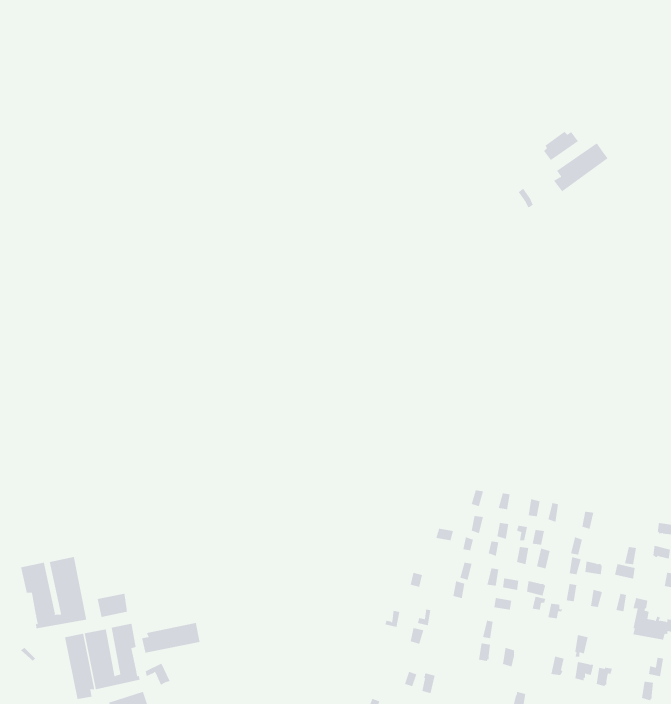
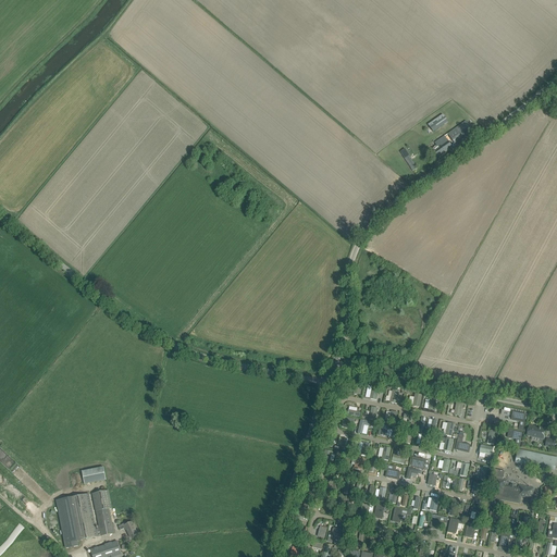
building: [20,556,87,629] -> none
building: [142,622,200,654] -> none

